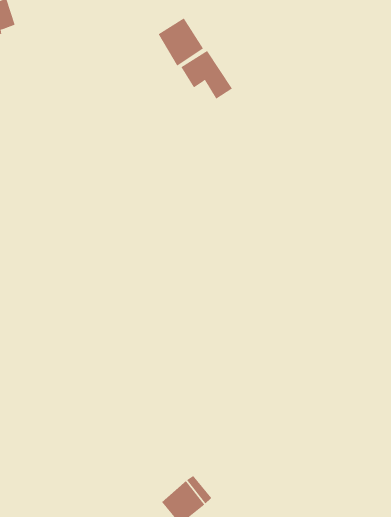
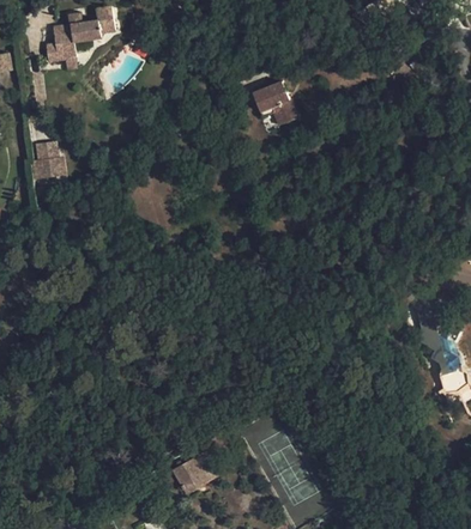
building: [158,17,204,66] -> none

